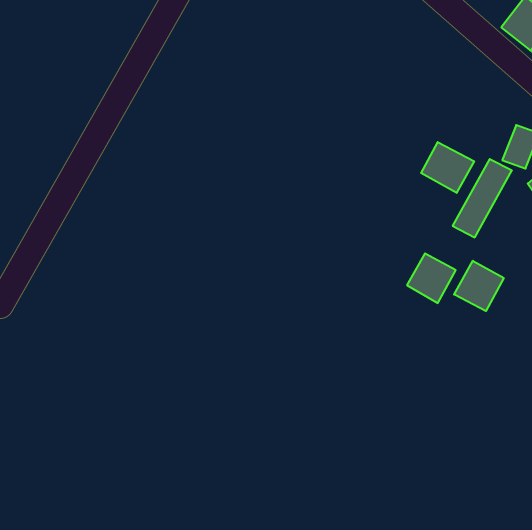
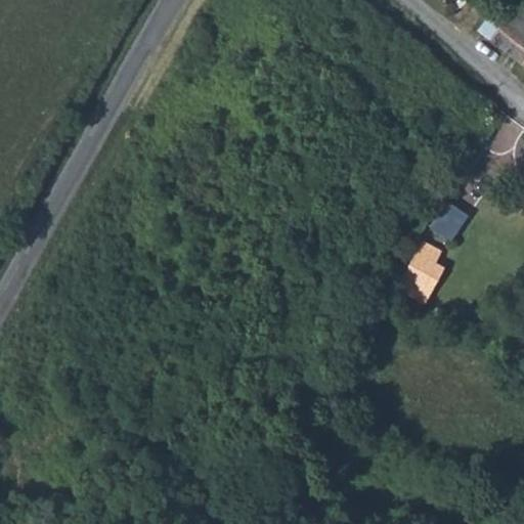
building: [421,142,474,193] -> none
building: [454,261,504,311] -> none

